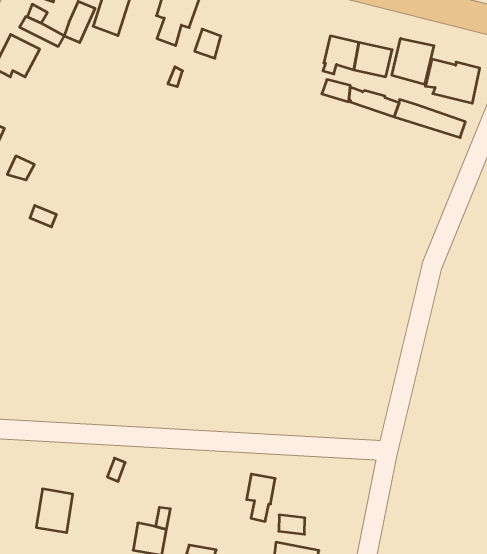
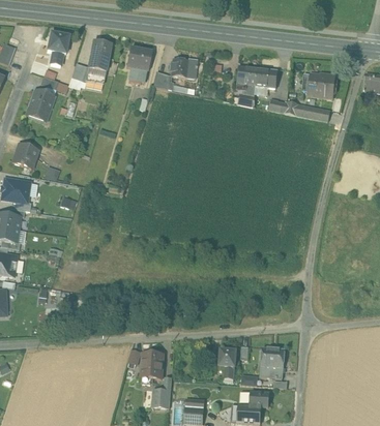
building: none -> [170,57,198,78]
building: [392,38,434,84] -> none
building: none -> [260,346,286,377]
building: [36,489,73,533] -> [142,352,163,377]

